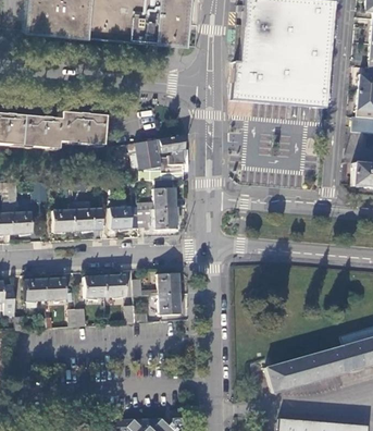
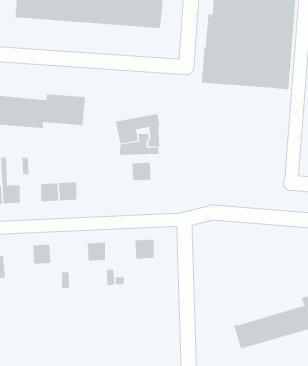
building: [111,208,133,229] -> none
building: [139,208,177,230] -> none
building: [85,278,107,298] -> none
building: [25,280,47,301] -> none
building: [159,294,181,316] -> none

